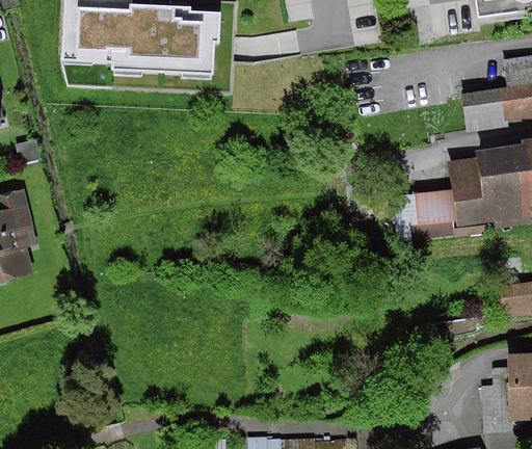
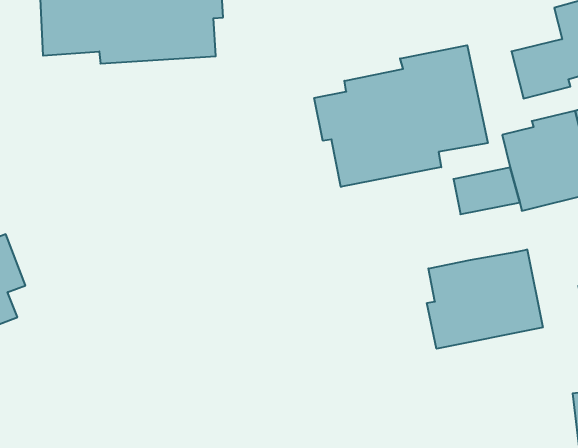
building: none -> [314,45,488,187]
building: none -> [427,249,543,349]

